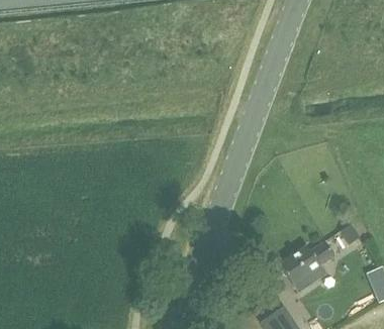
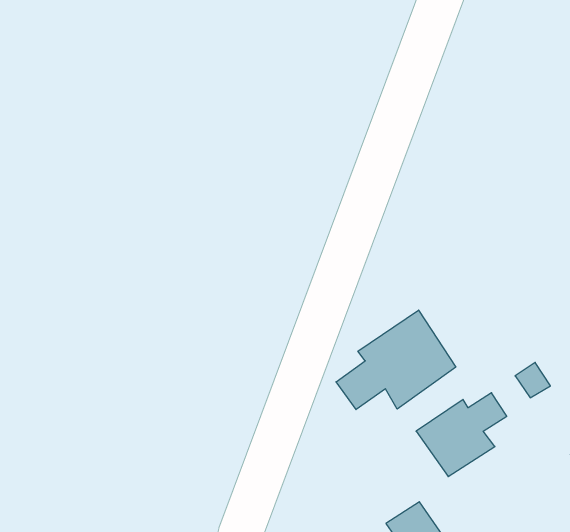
building: none -> [336,310,456,410]

